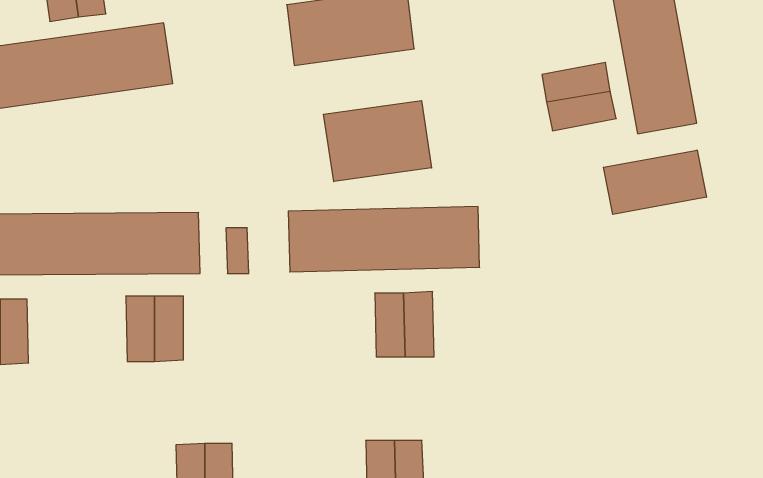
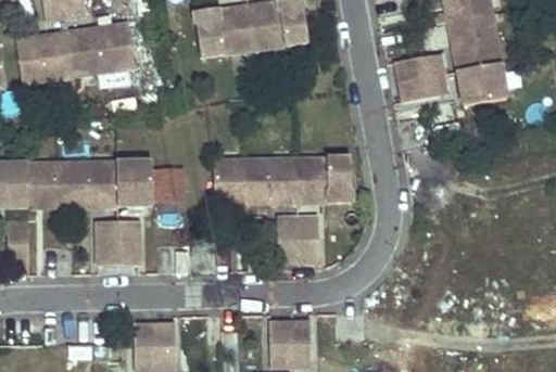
building: [324,101,432,182] -> none
building: [603,150,706,214] -> none

